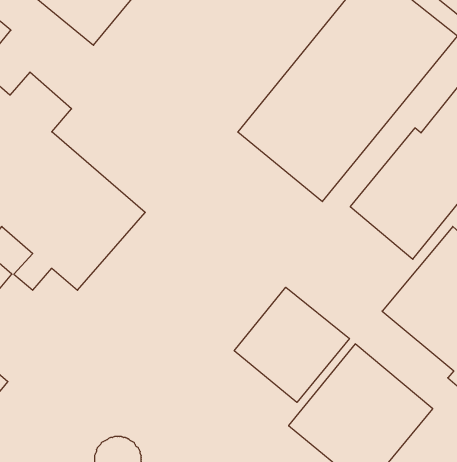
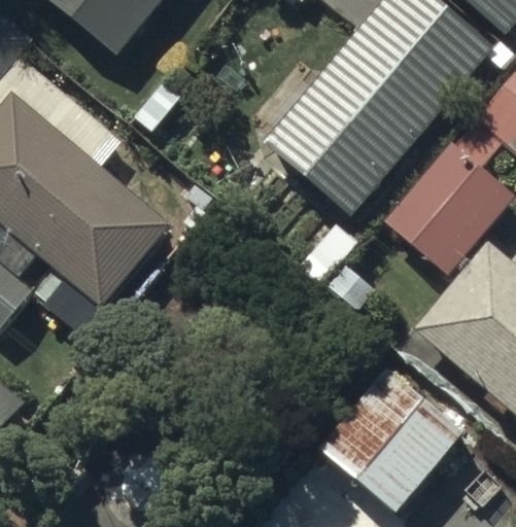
building: [234,287,349,402] -> none

